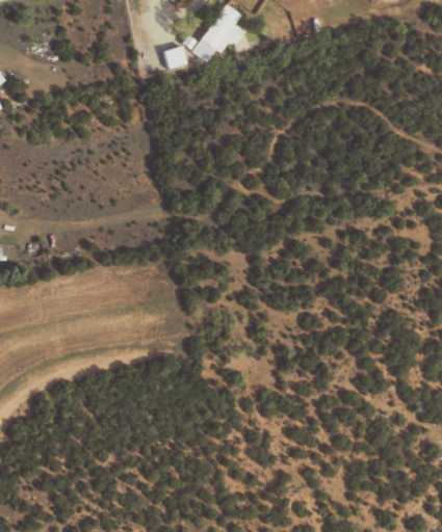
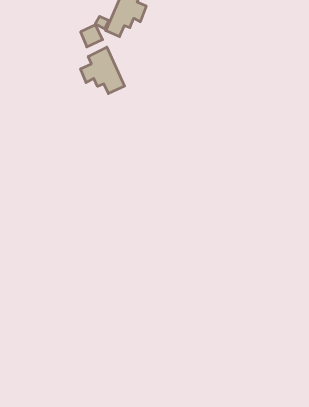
building: none -> [81,47,125,94]

